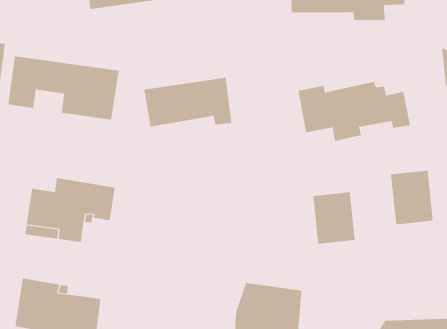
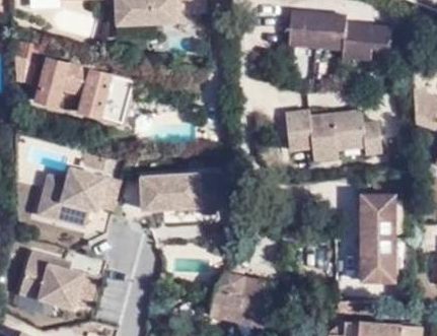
building: [144,77,232,127] -> [141,173,215,213]
building: [312,192,356,244] -> [361,239,394,281]

